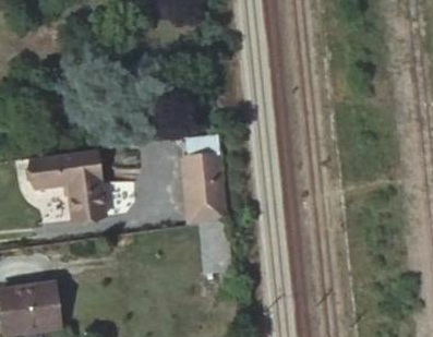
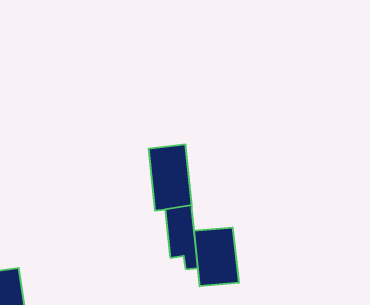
building: [32,148,106,219] -> none
building: none -> [194,227,239,286]

